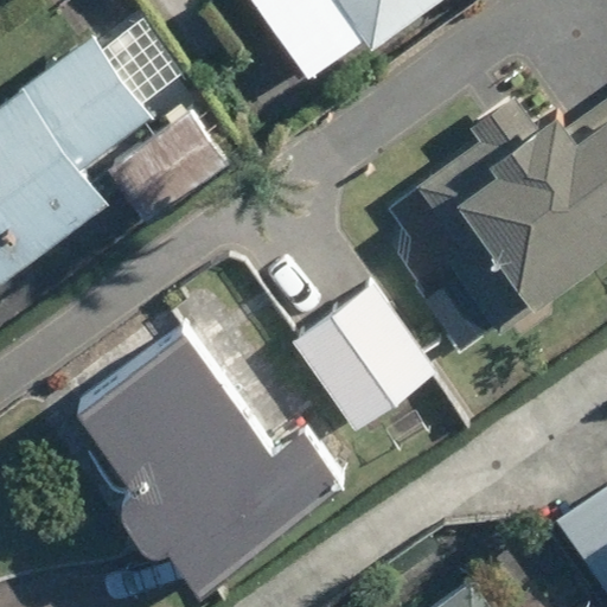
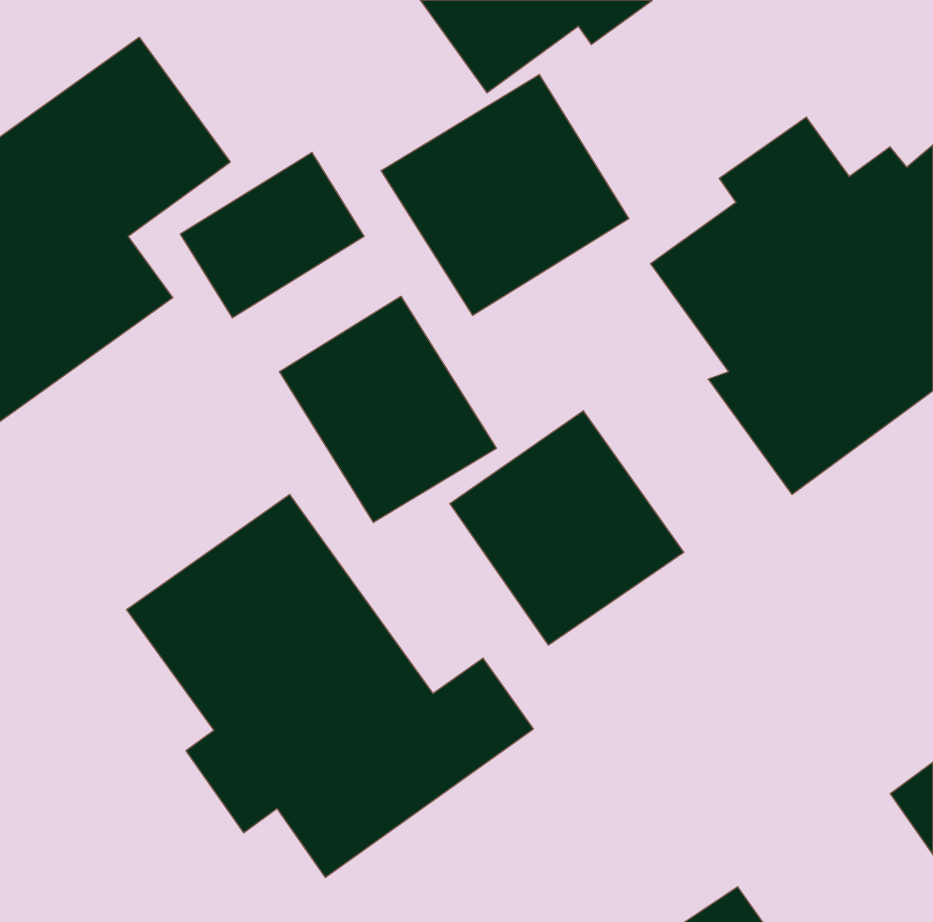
building: none -> [381,74,629,315]
building: none -> [279,296,496,523]

